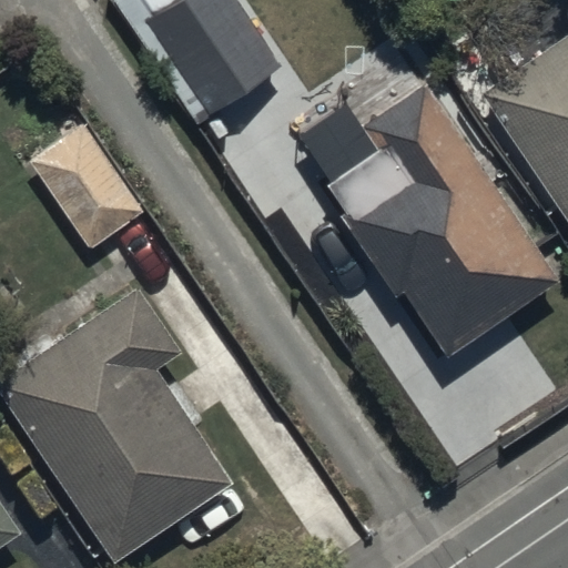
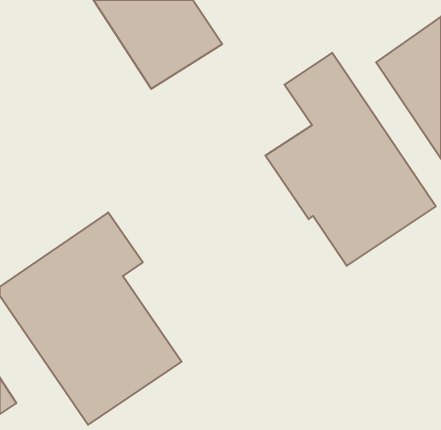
building: [27,123,145,254] -> none

